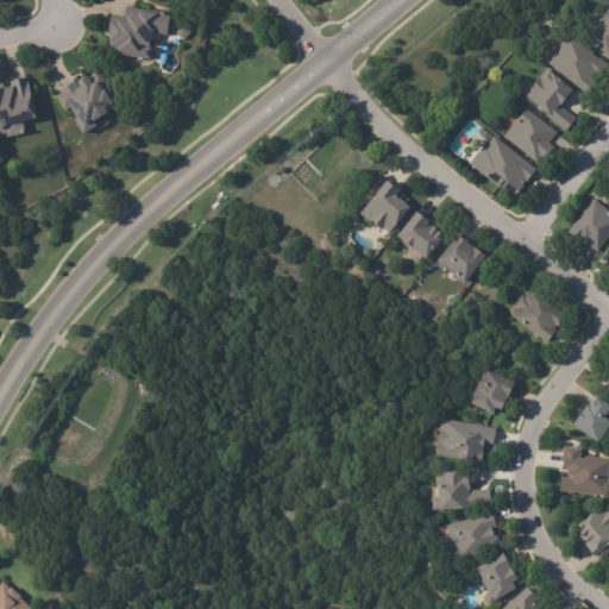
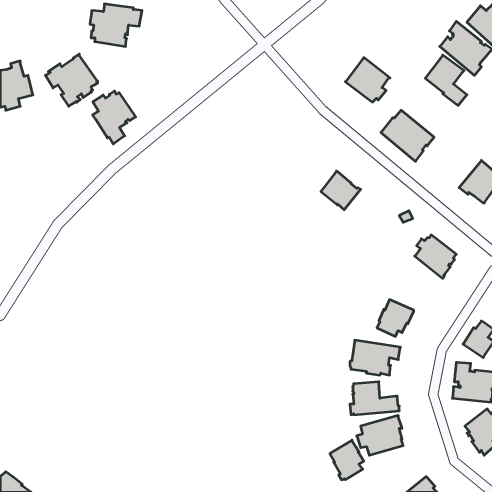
building: [503,106,558,161] -> [345,58,390,102]
building: none -> [93,91,136,144]
building: [362,180,410,231] -> none
building: [438,234,486,282] -> none
building: [476,552,517,601] -> [330,440,364,480]

